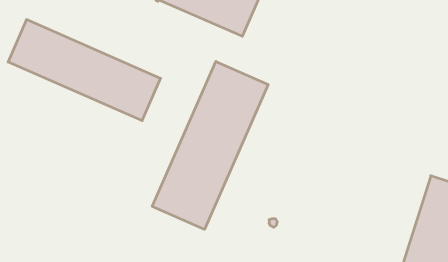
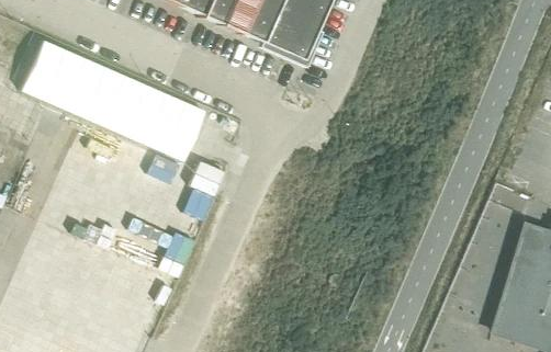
building: [152,61,268,229] -> none

